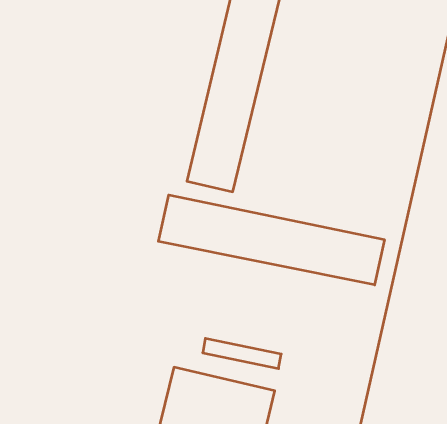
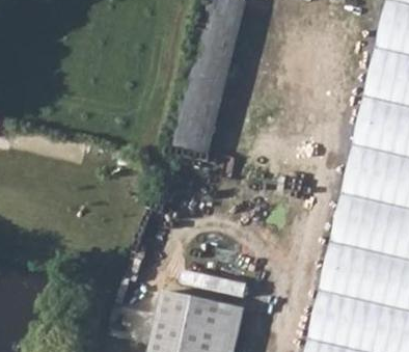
building: [158,195,384,285] -> none

